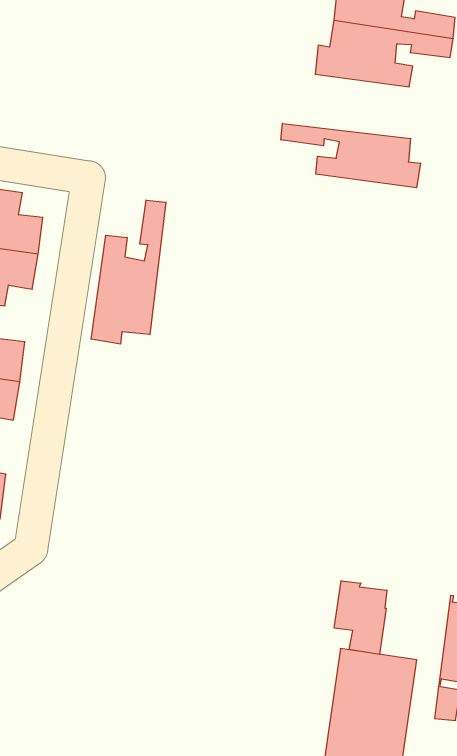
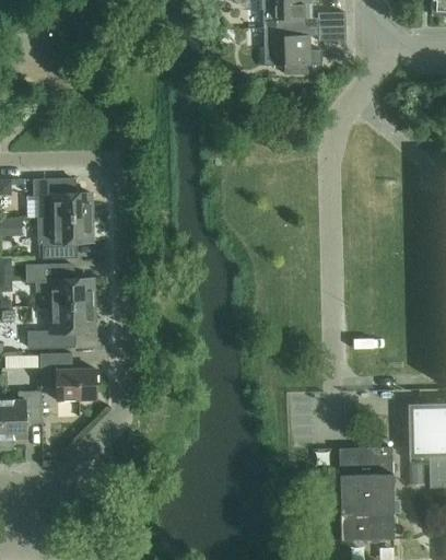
building: [281,123,420,188] -> none
building: [91,200,166,344] -> none
building: [334,581,387,654] -> none

